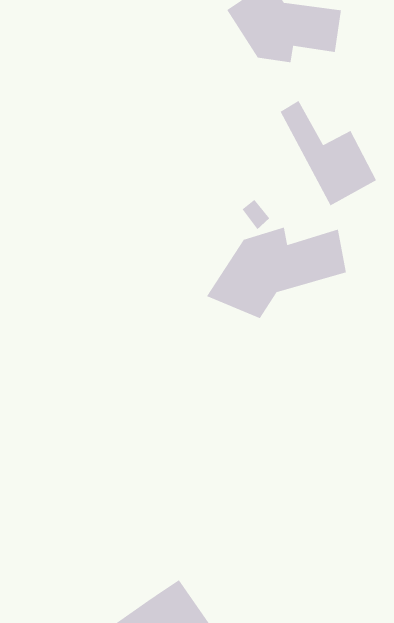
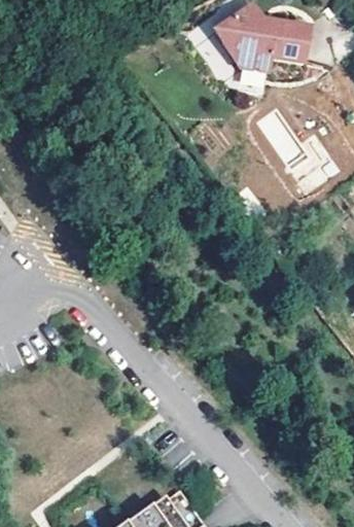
building: [206,227,347,319] -> none

